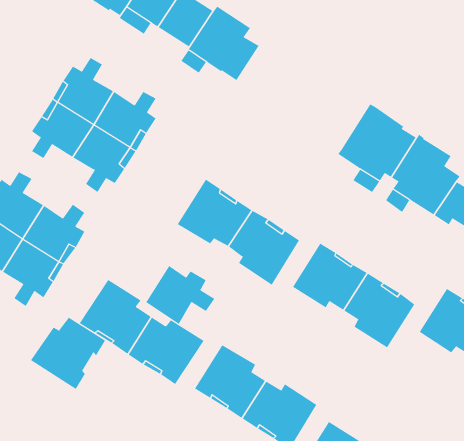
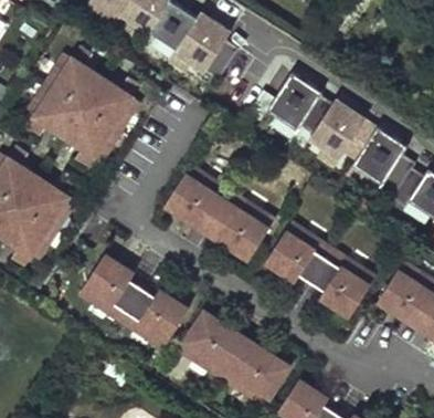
building: none -> [263,72,335,139]
building: [145,265,215,325] -> none
building: [30,317,106,390] -> none

